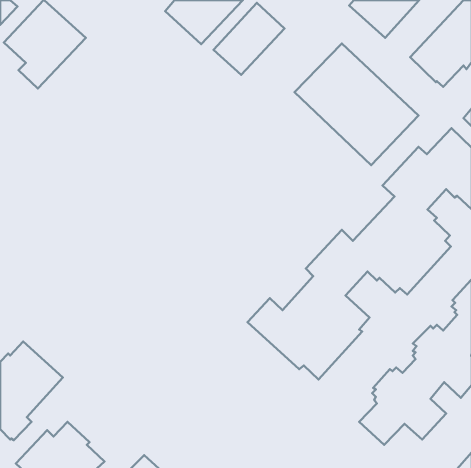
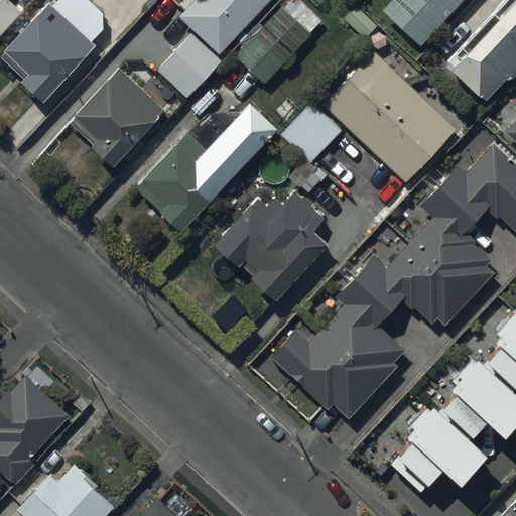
building: none -> [157,33,222,99]
building: none -> [71,67,166,166]
building: none -> [135,103,278,232]
building: none -> [281,104,341,163]
building: none -> [214,191,328,301]

